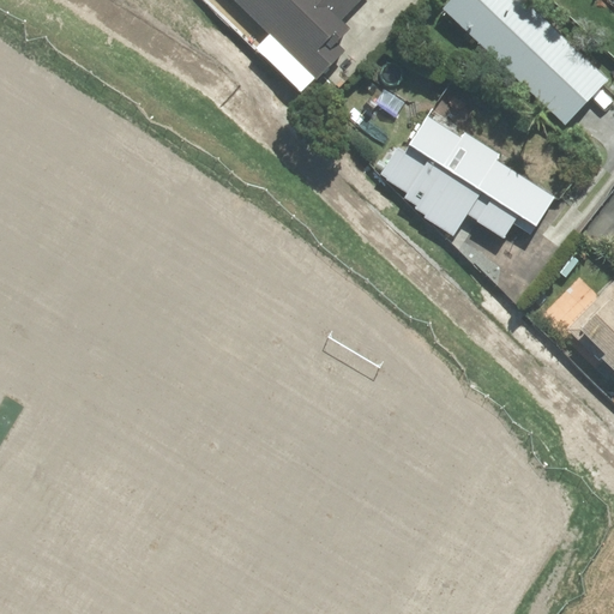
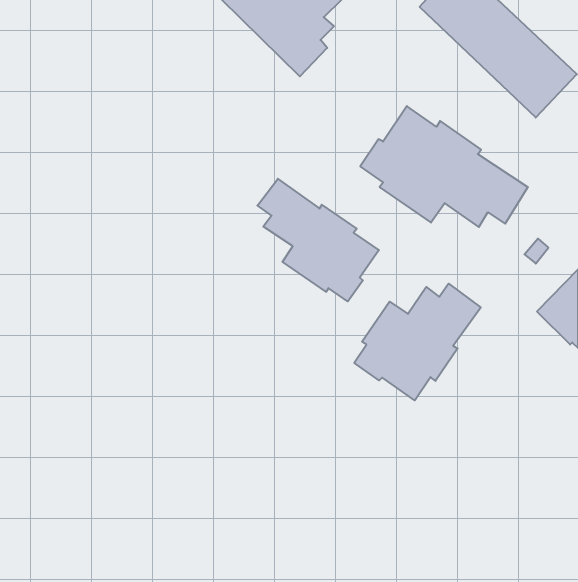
building: none -> [257,179,379,301]
building: none -> [354,284,481,400]

